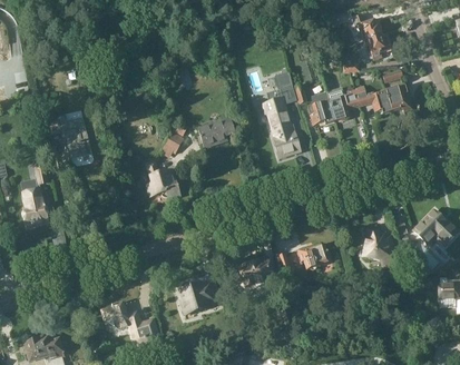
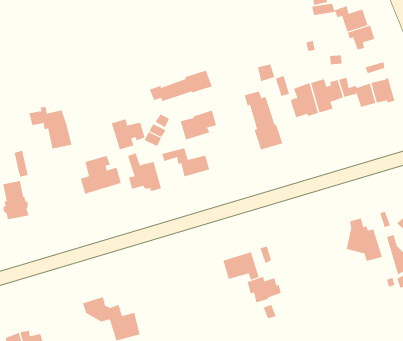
building: none -> [149,70,212,102]
building: none -> [111,119,145,150]
building: none -> [161,147,210,177]
building: none -> [80,155,121,195]
building: [298,244,333,270] -> [247,276,282,303]
building: [182,283,216,314] -> none

